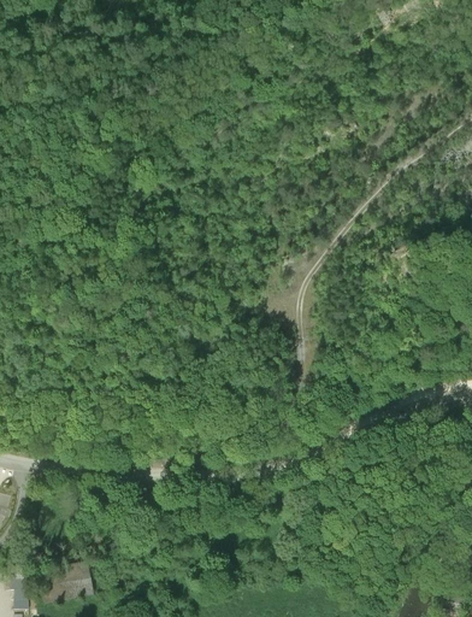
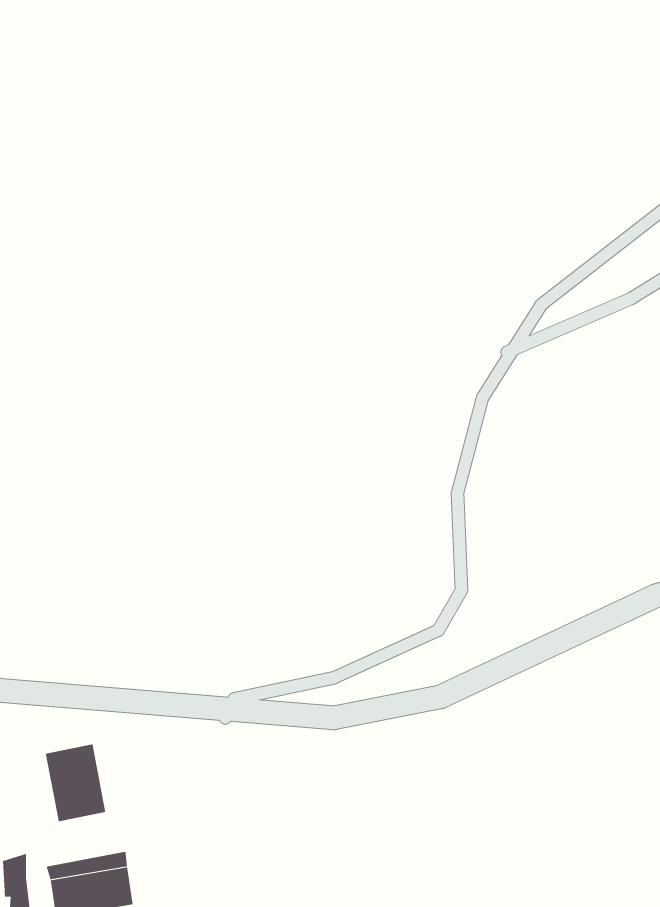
building: none -> [45,743,106,822]

